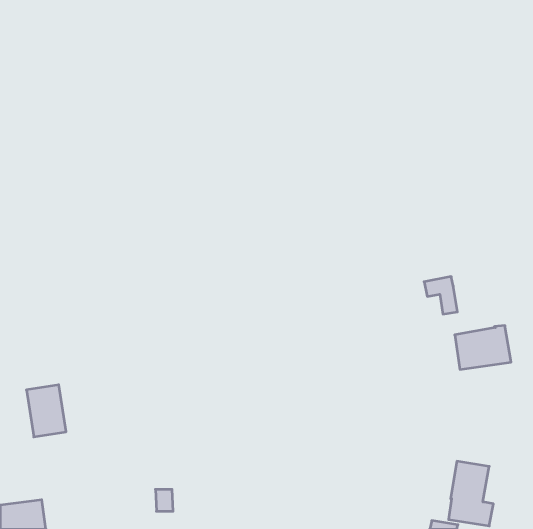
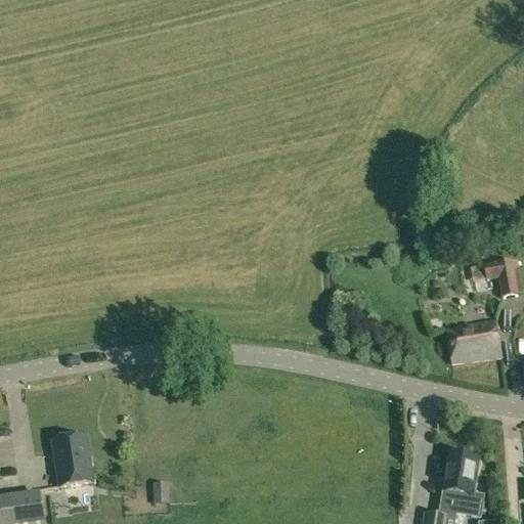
building: [424,277,457,314] -> [484,259,517,296]
building: [26,385,66,437] -> [53,435,92,486]

